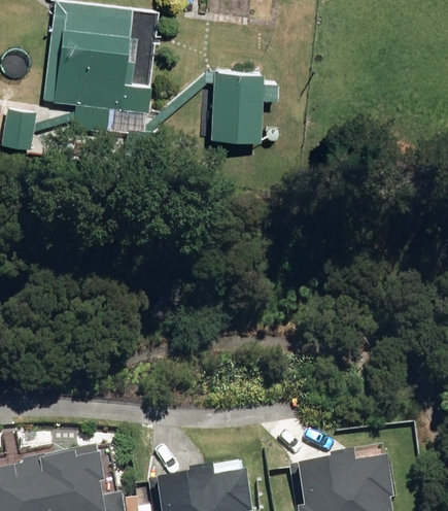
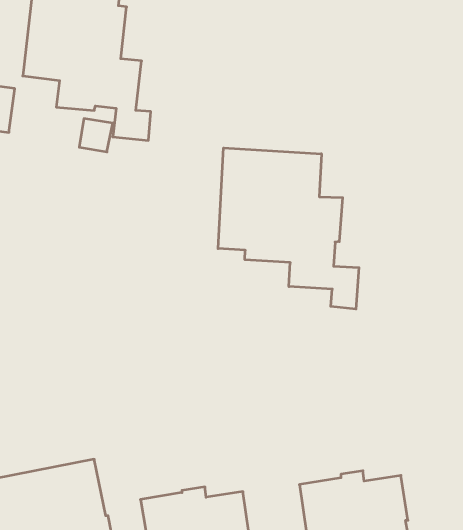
building: [212,73,266,145] -> none
building: none -> [218,148,359,309]

